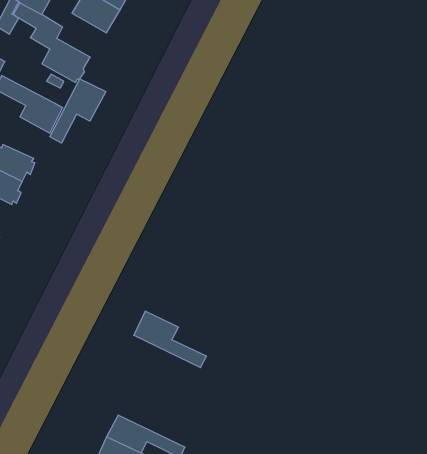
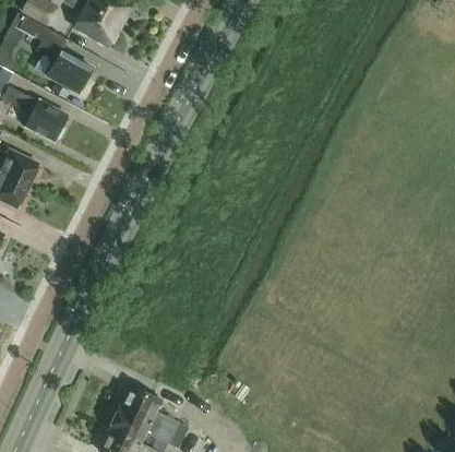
building: [50,79,106,143] -> none
building: [134,311,206,368] -> [119,385,188,439]

